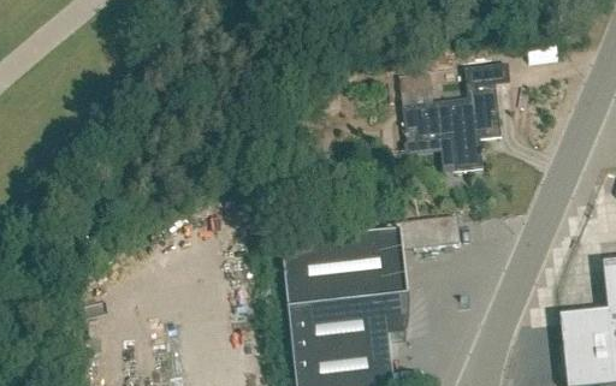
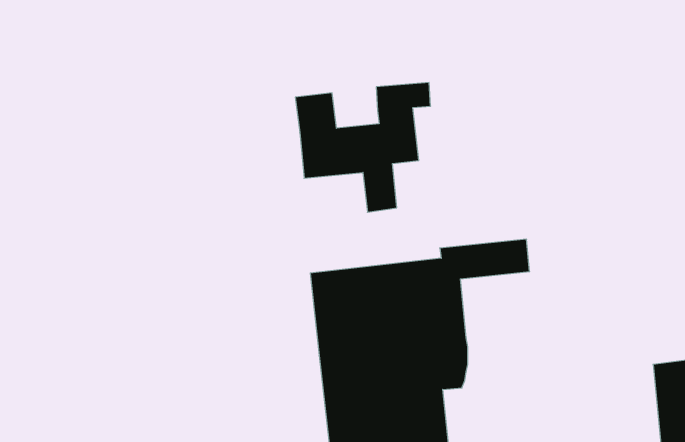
building: [398,63,509,168] -> [295,83,431,212]

